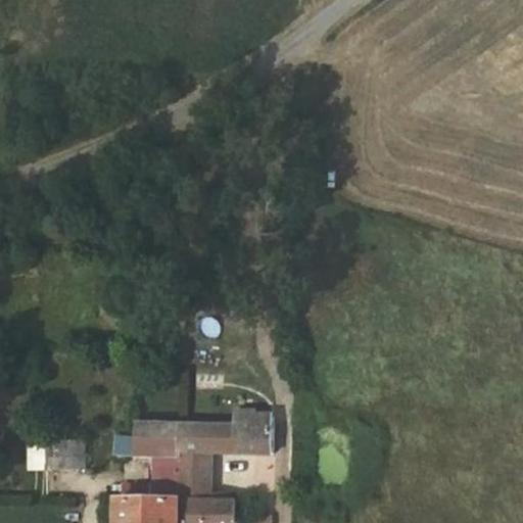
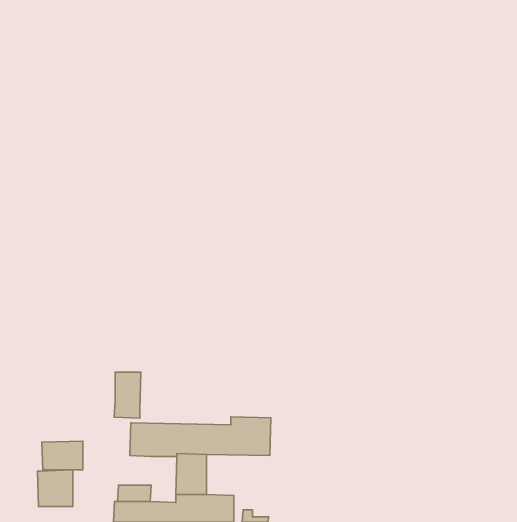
building: [150,457,177,503] -> [114,372,141,418]
building: none -> [38,470,73,506]

